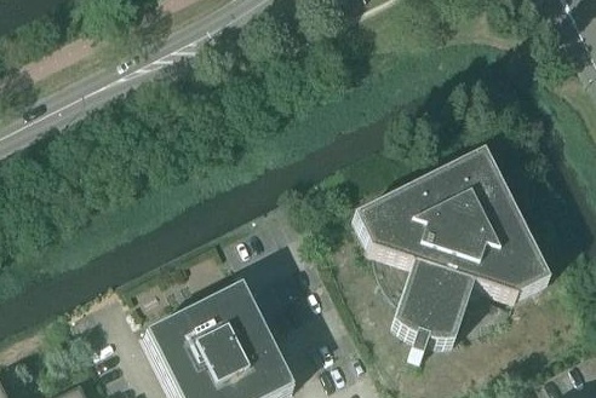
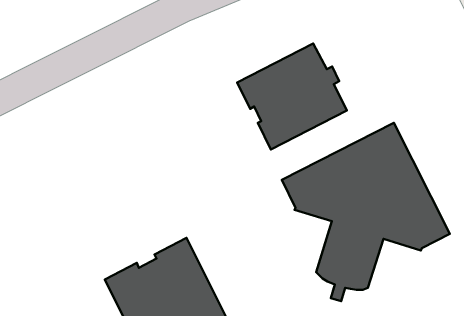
building: none -> [237,44,347,149]

